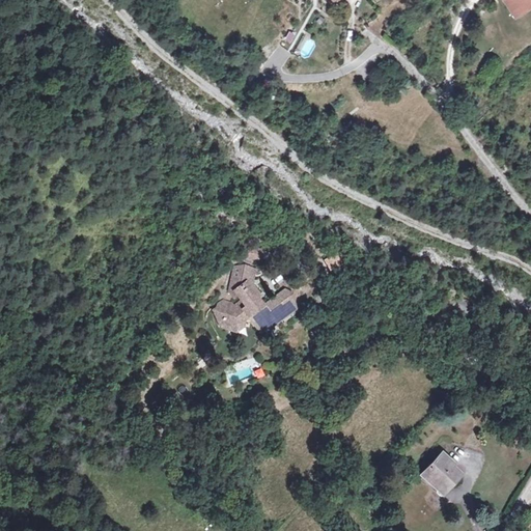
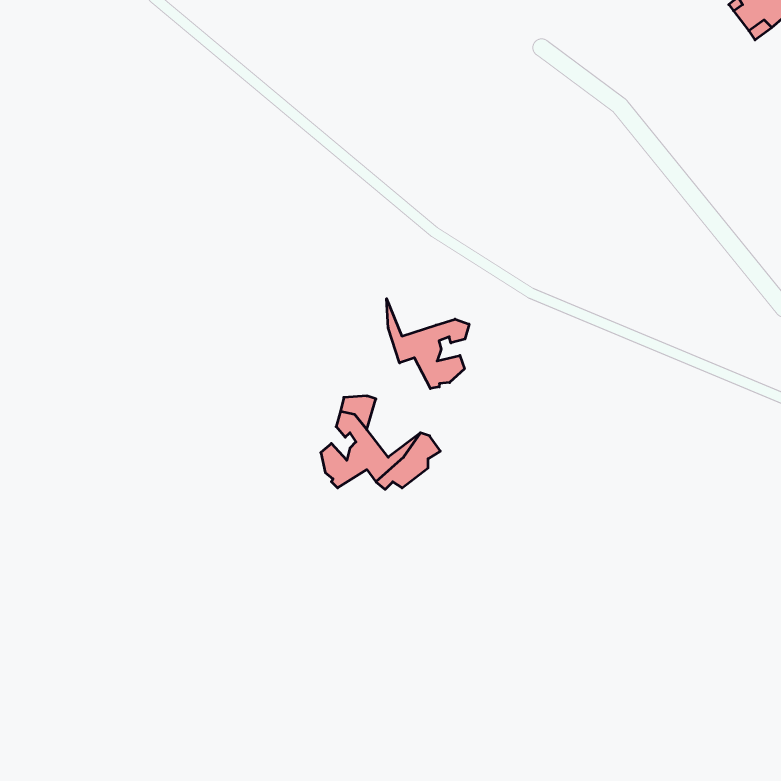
building: none -> [387,299,469,389]
building: [420,445,459,485] -> none

